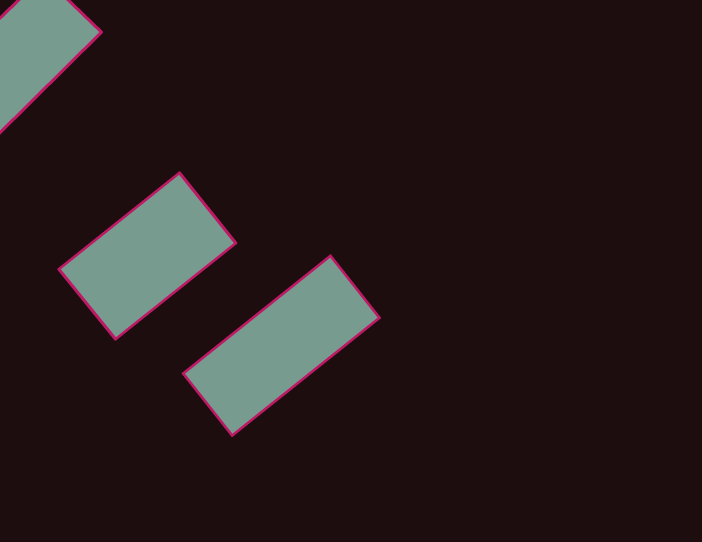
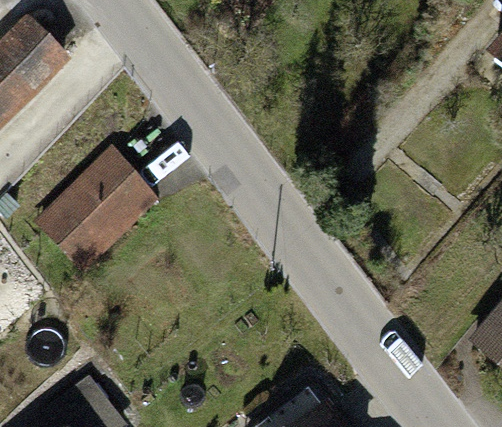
building: [183,256,380,435] -> none

